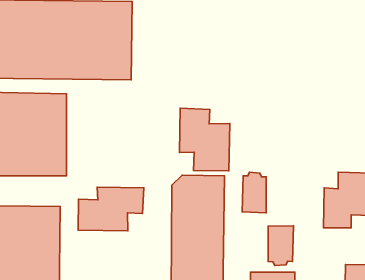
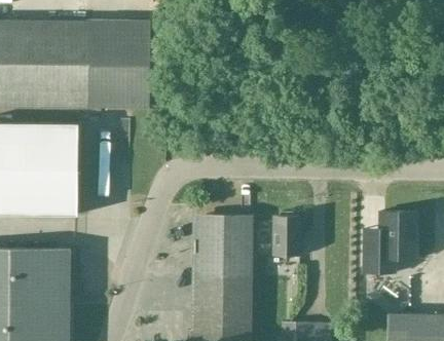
building: [180,108,230,171] -> none
building: [78,187,144,231] -> none
building: [268,226,294,265] -> none

